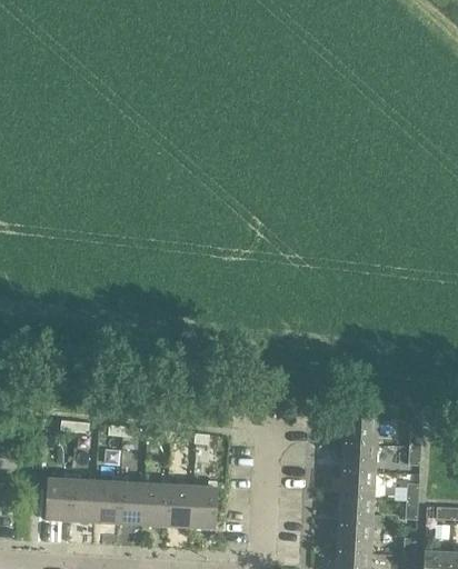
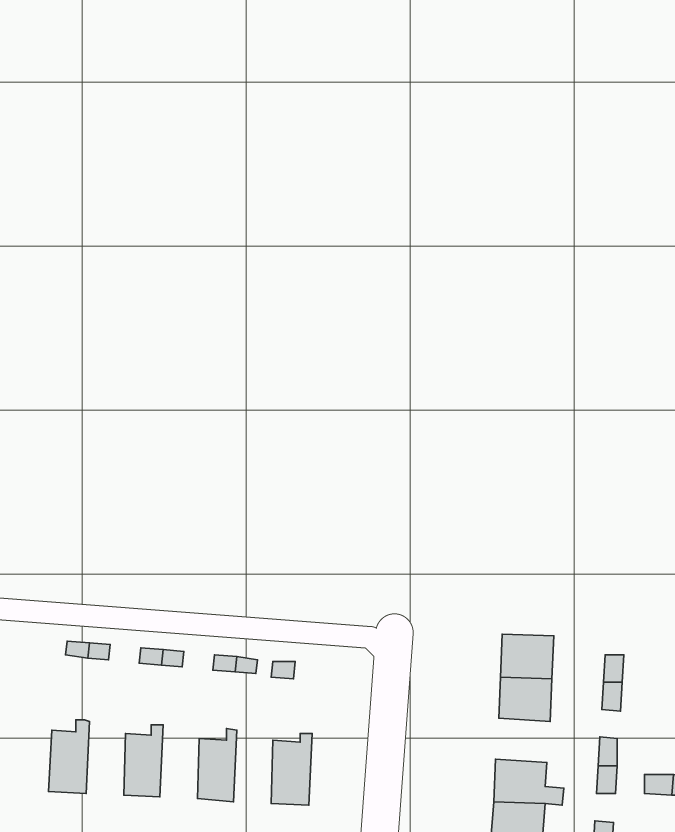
building: [337,471,380,501] -> none
building: [71,473,97,521] -> none
building: [119,476,145,523] -> none
building: [167,479,192,527] -> none

